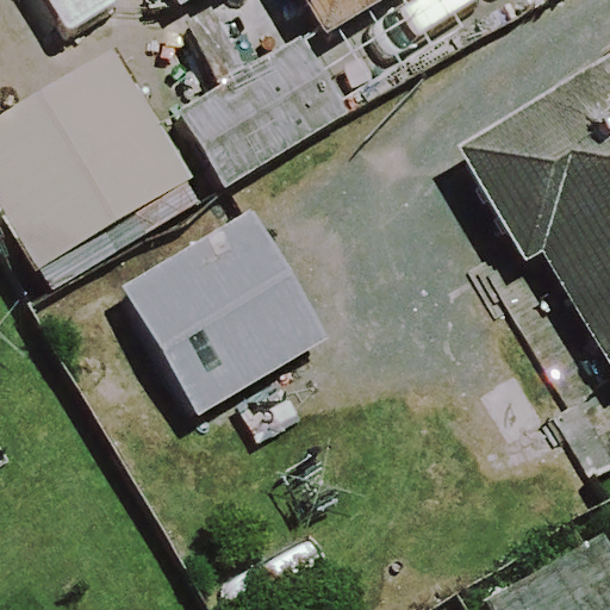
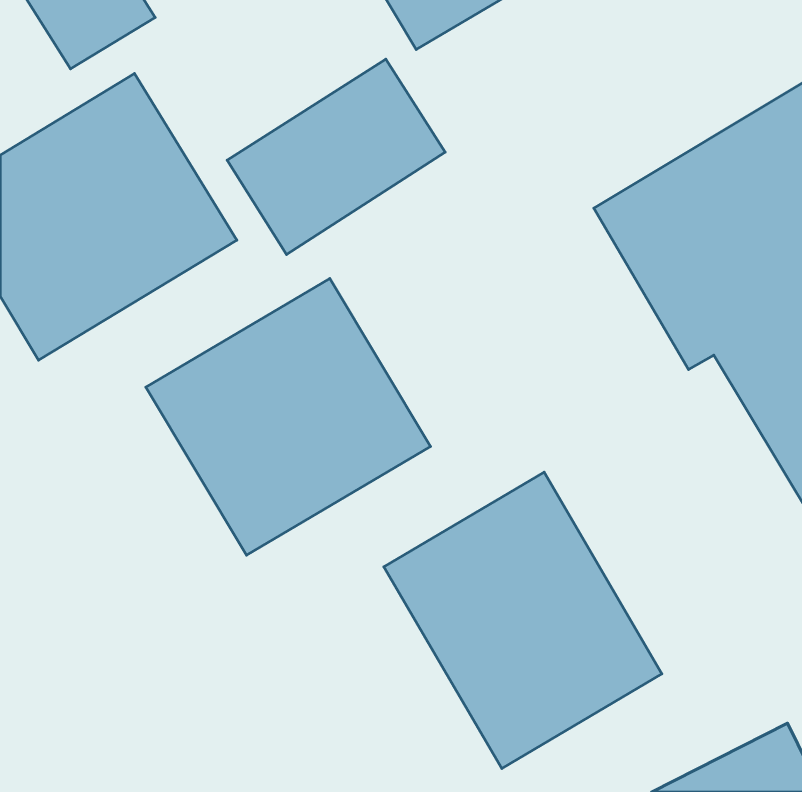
building: none -> [384,472,662,769]

